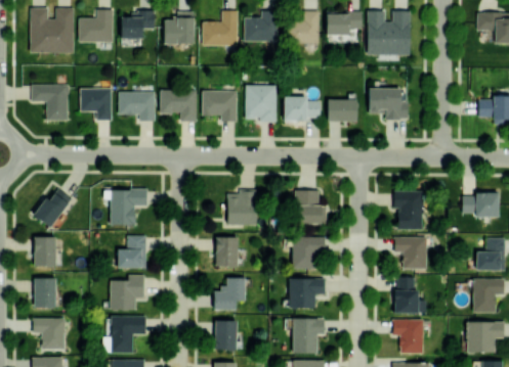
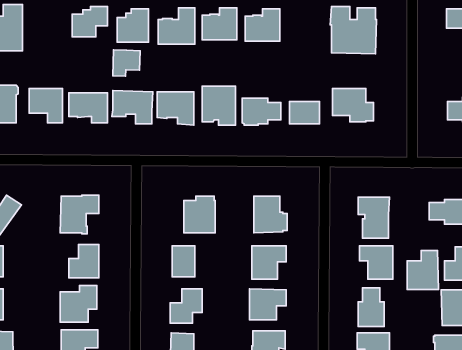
building: [79,9,113,42] -> none
building: [326,11,362,35] -> none
building: none -> [113,50,140,76]
building: none -> [407,250,438,290]

